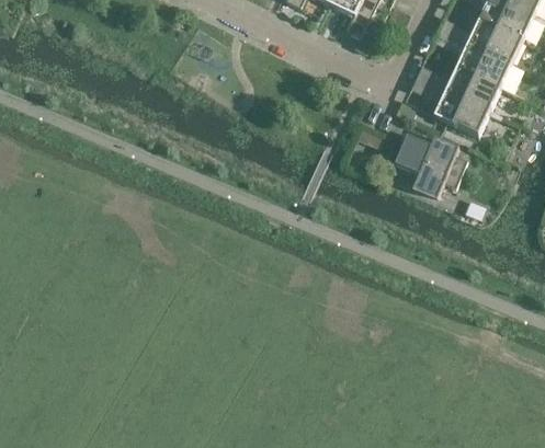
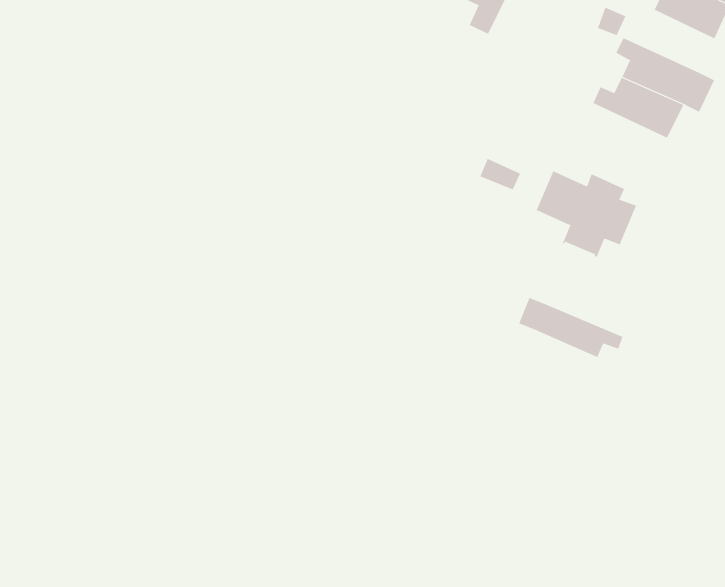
building: [457,18,523,62] -> none
building: [430,84,489,134] -> none
building: none -> [519,297,623,358]

